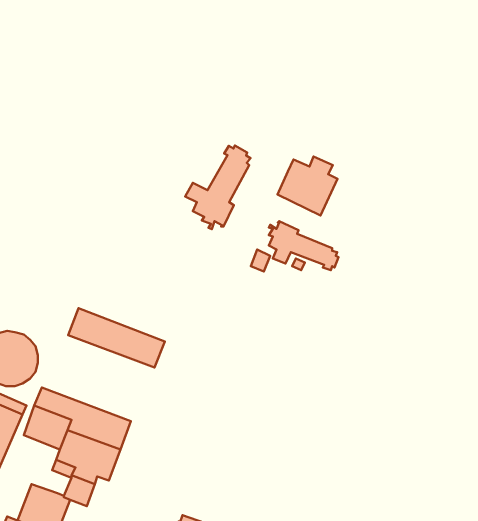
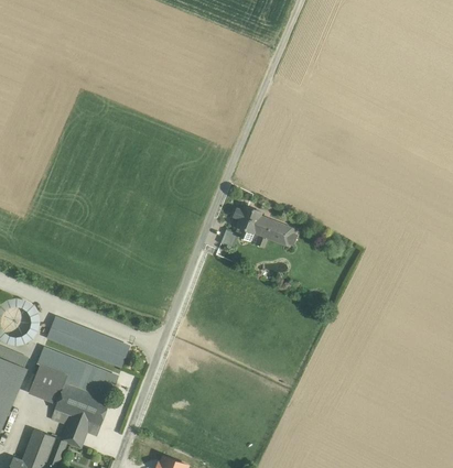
building: [185,146,251,229] -> none
building: [277,157,337,215] -> none
building: [68,308,165,367] -> [46,316,129,367]

